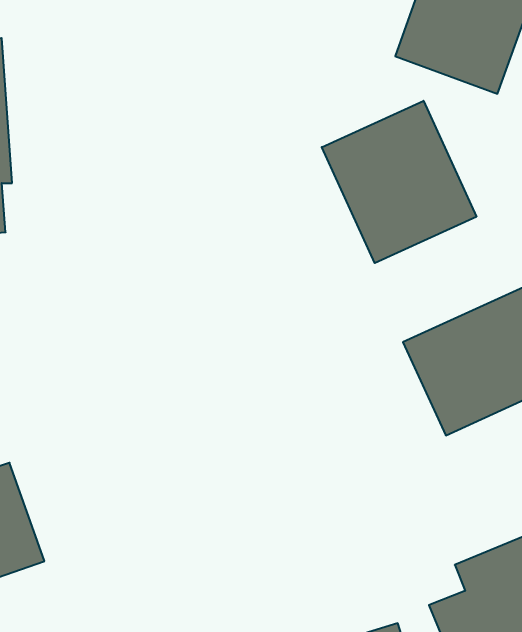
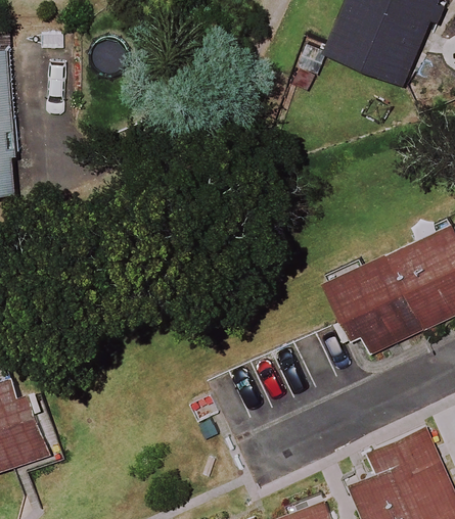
building: [322,101,476,263] -> none

